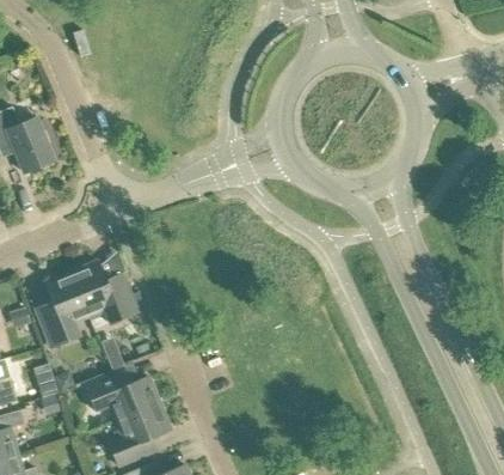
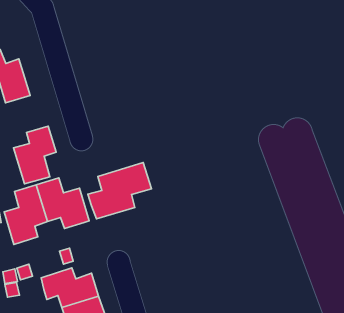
building: none -> [13,126,56,184]
building: none -> [88,163,152,219]

